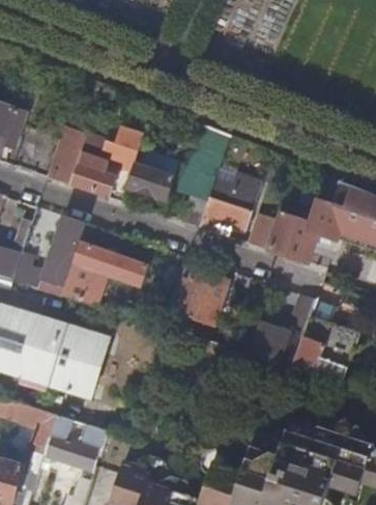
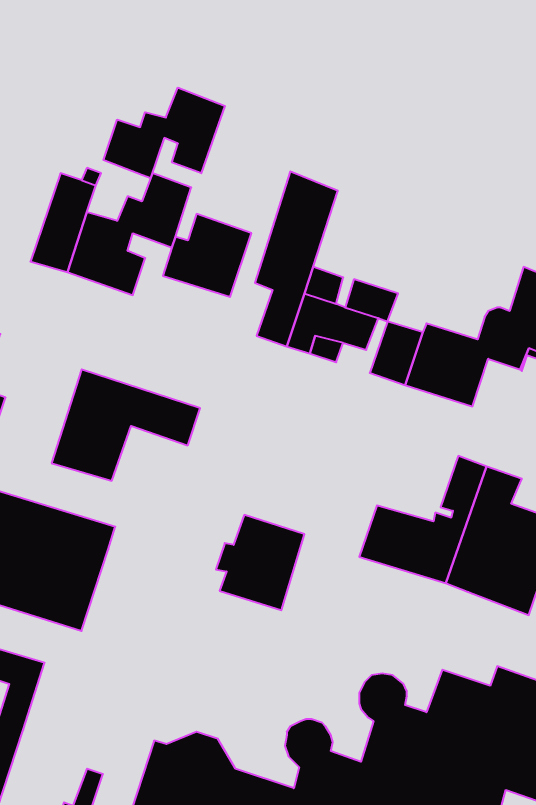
building: none -> [103,88,225,178]
building: [39,216,85,298] -> none
building: [176,271,228,327] -> [216,515,304,610]
building: [45,415,105,471] -> none

